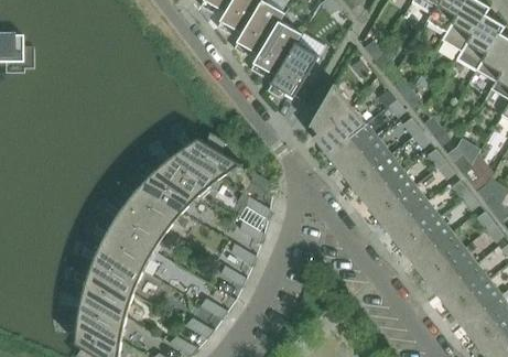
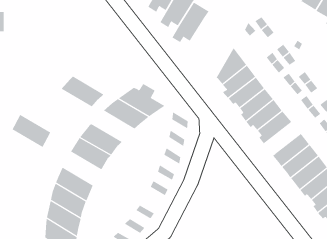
building: [267,42,318,99] -> none
building: [140,170,199,213] -> [61,76,104,107]
building: [376,185,428,229] -> none
building: [100,226,154,272] -> [12,114,51,148]

